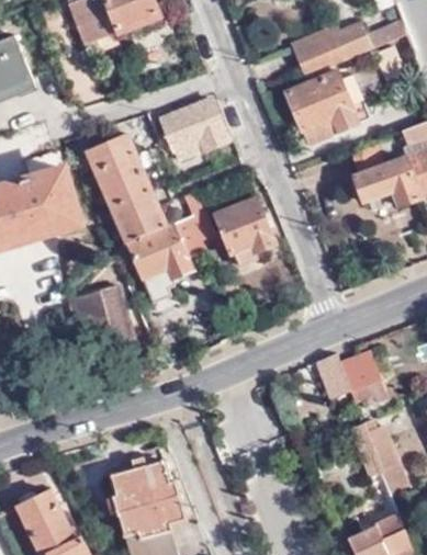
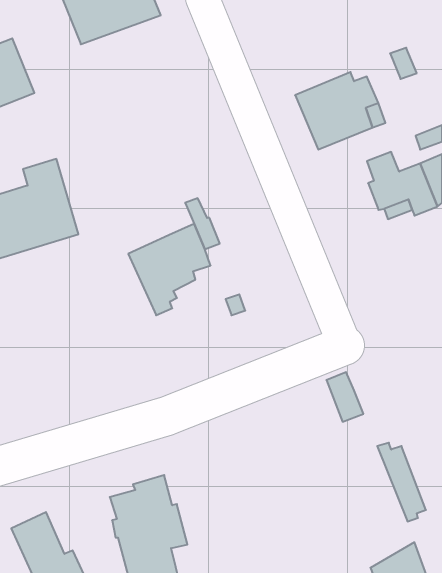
building: [292,22,406,76] -> none
building: [160,102,227,161] -> none
building: [86,133,165,242] -> none
building: [213,199,272,265] -> none
building: [70,287,131,341] -> none
building: [340,360,383,401] -> none

